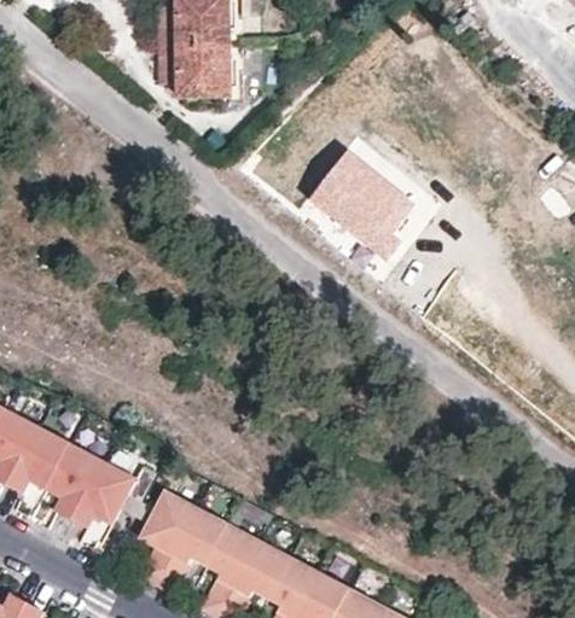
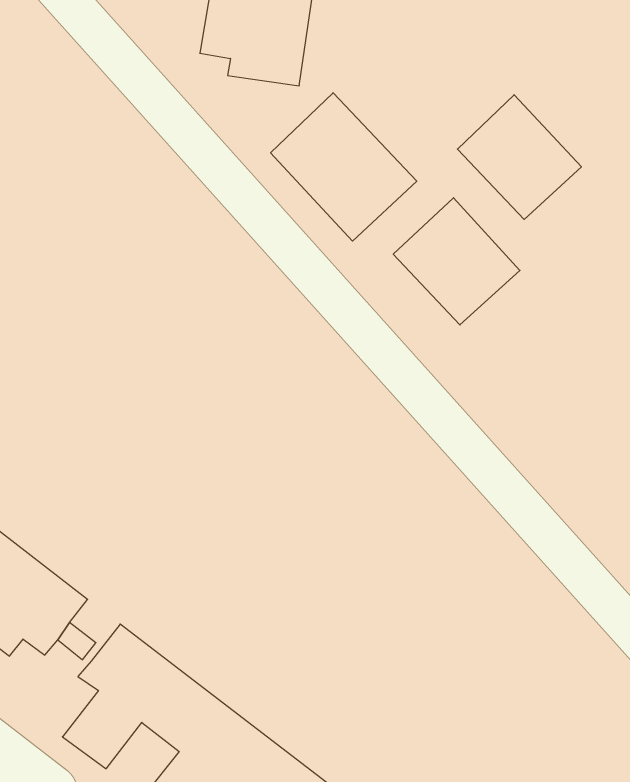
building: none -> [457,95,581,219]
building: none -> [271,93,417,241]

